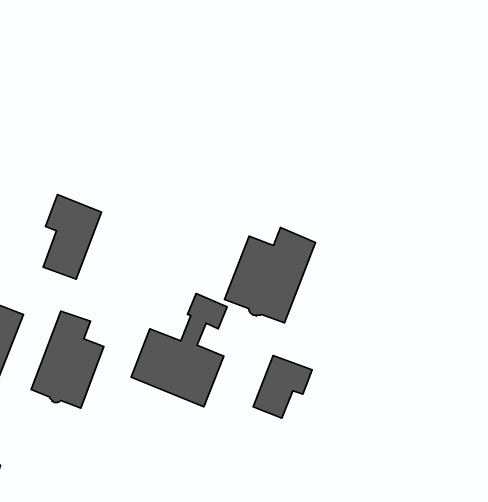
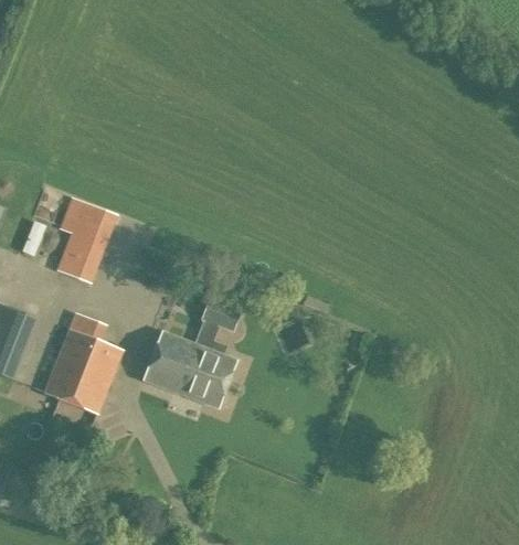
building: [224,227,316,323] -> none
building: [253,355,312,418] -> none

